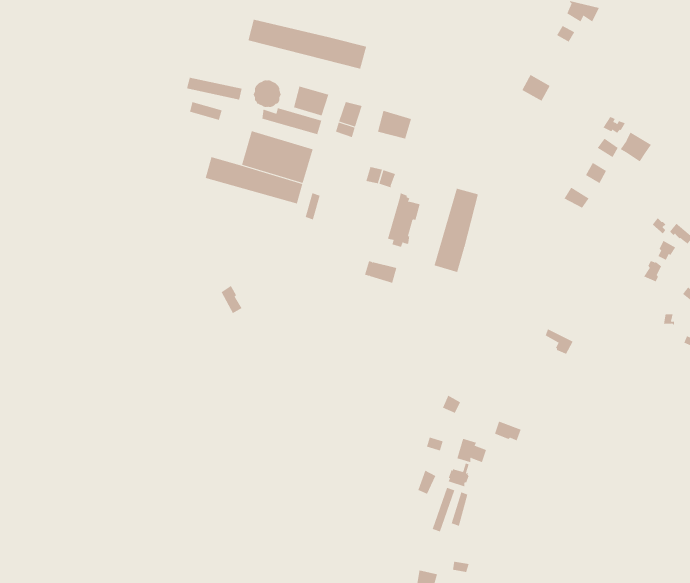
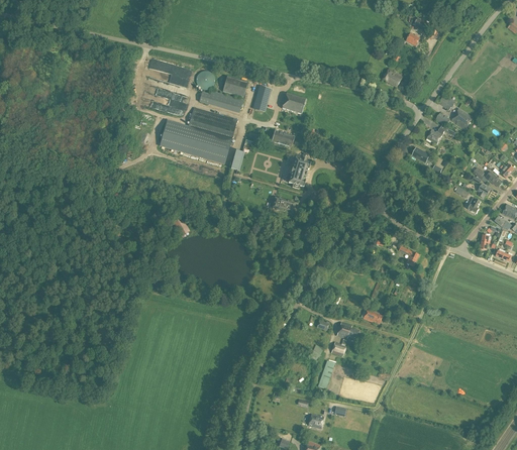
building: [248,19,367,69] -> none
building: [434,188,479,273] -> none

